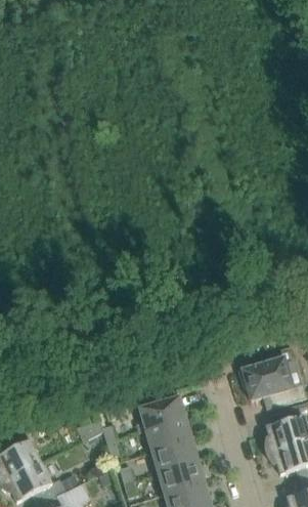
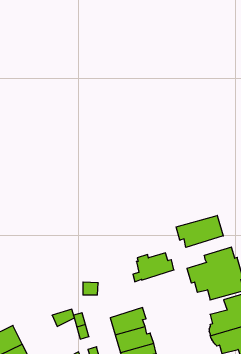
building: none -> [176,215,223,247]
building: [136,398,185,433] -> [133,253,174,282]

